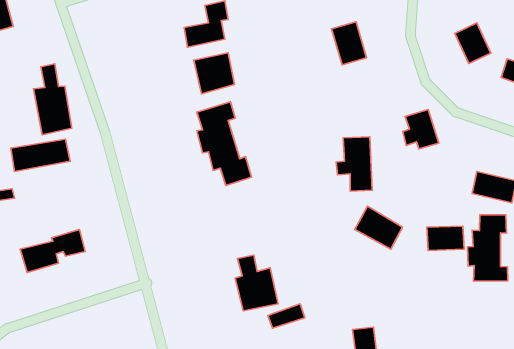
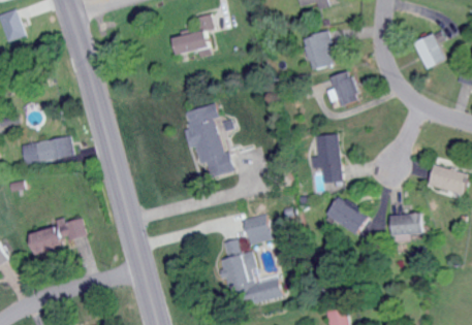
building: [194,53,235,94] -> none
building: [34,64,72,135] -> none
building: [403,109,439,149] -> [329,70,361,105]
building: [467,215,508,281] -> none
building: none -> [243,214,271,245]

